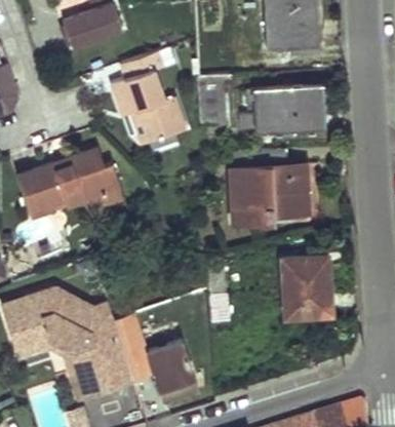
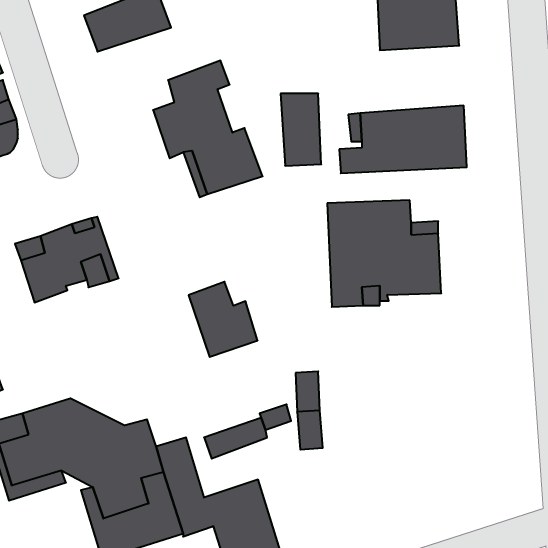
building: [73,153,120,204] -> [189,282,258,357]
building: [281,256,330,317] -> none

